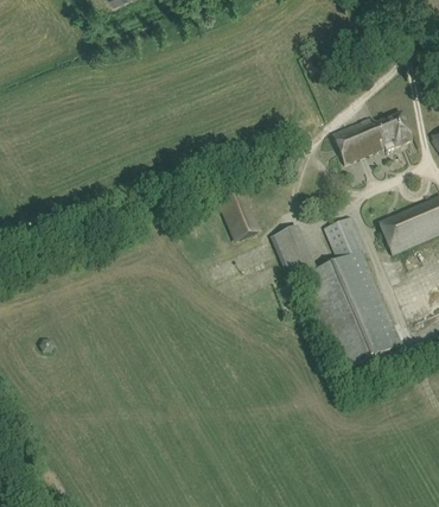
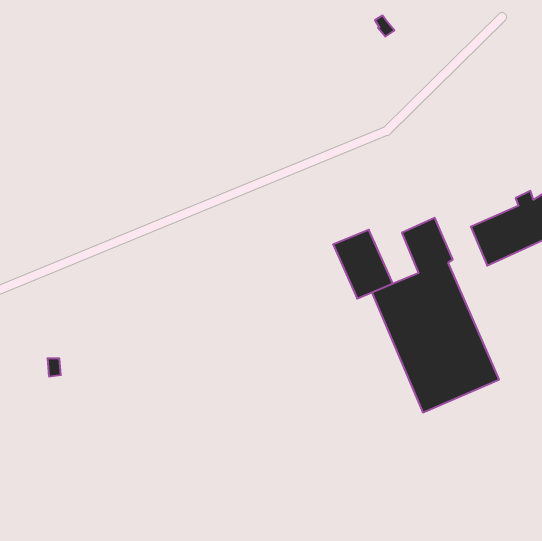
building: [331,114,412,165] -> none
building: [218,195,261,242] -> none

